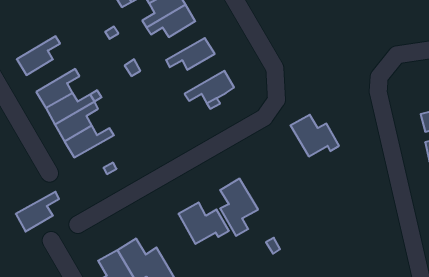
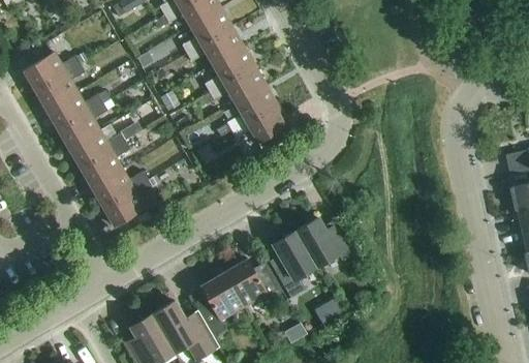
building: none -> [204,46,254,91]
building: none -> [23,52,80,90]
building: none -> [226,84,277,130]
building: none -> [45,90,102,128]
building: [290,115,339,156] -> [294,217,351,266]
building: [16,192,59,232] -> [101,179,152,225]
building: none -> [196,271,243,336]

